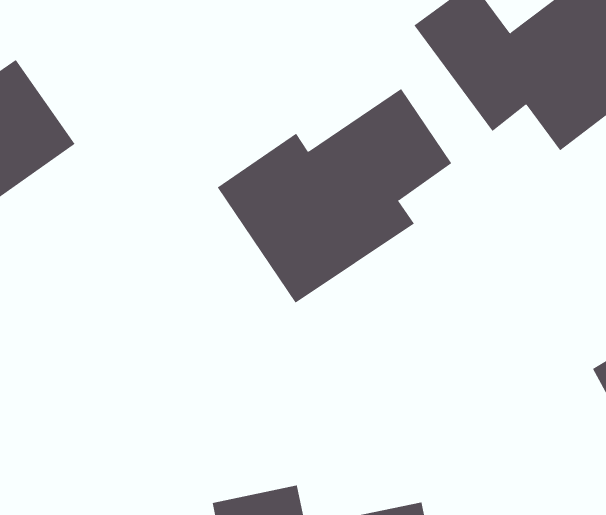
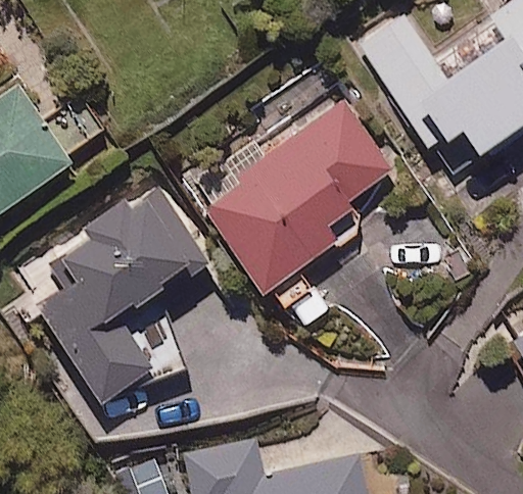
building: none -> [21,188,198,397]

